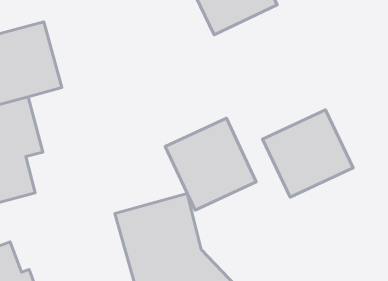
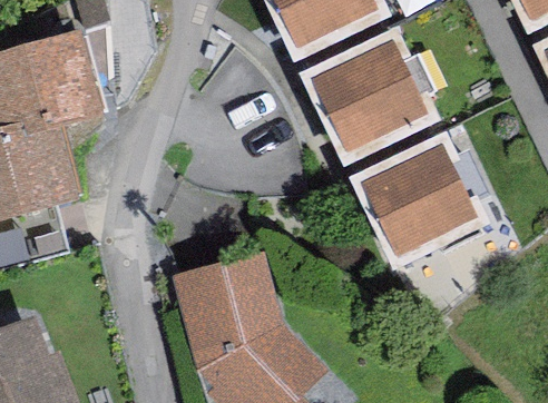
building: none -> [310,40,427,153]
building: [165,118,256,210] -> none

